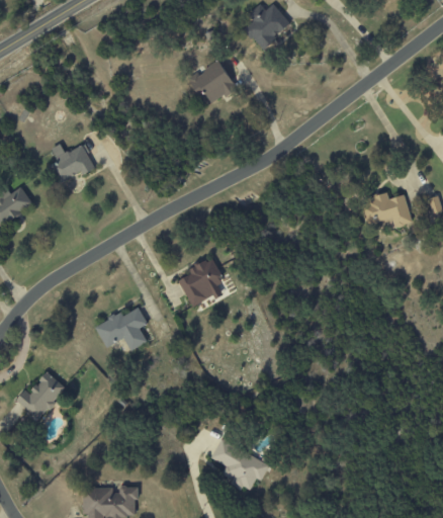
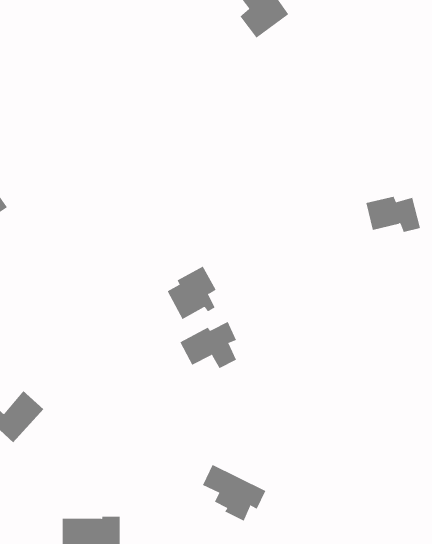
building: [186,60,236,104] -> none
building: [51,144,95,182] -> none
building: [94,307,147,350] -> [180,321,237,369]

